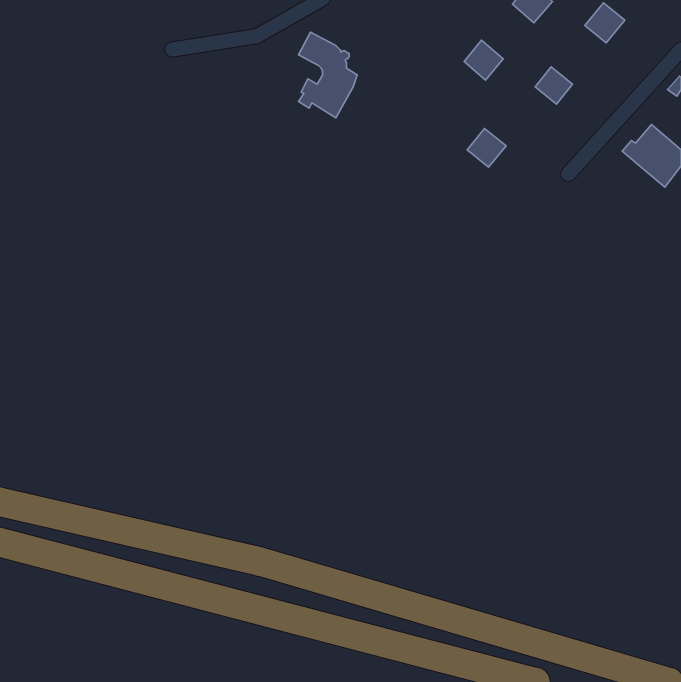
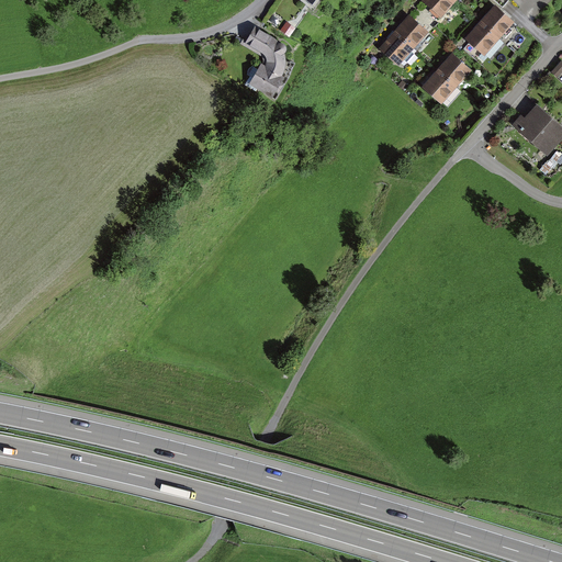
building: none -> [395,15,428,48]
building: none -> [465,21,497,54]
building: [467,128,506,167] -> [425,71,457,103]

